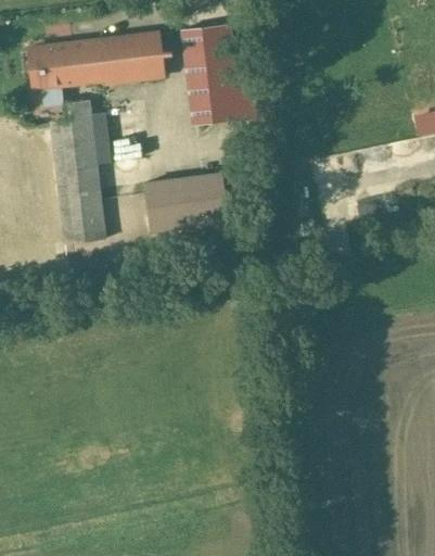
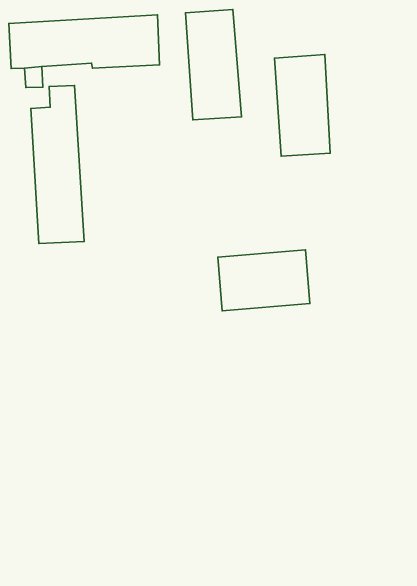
building: none -> [274,55,330,156]
building: [144,173,229,231] -> [218,250,310,311]

